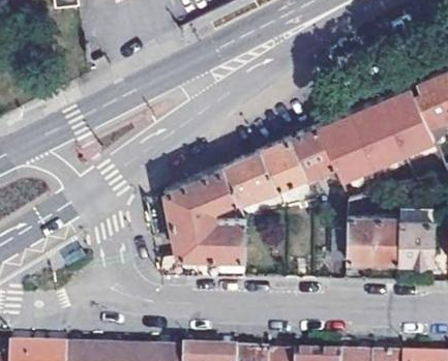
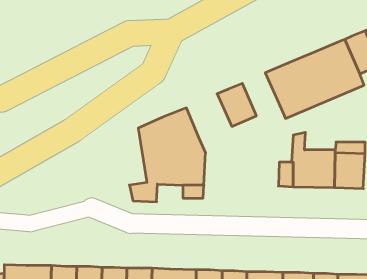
building: [298,117,342,177] -> none
building: [232,142,286,192] -> none

